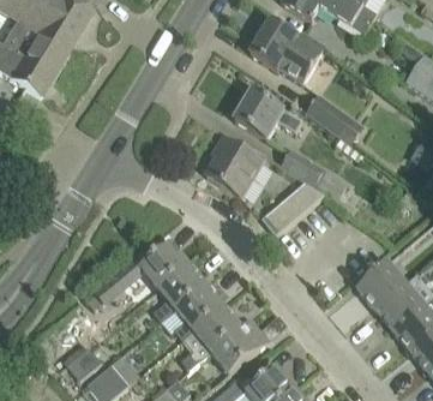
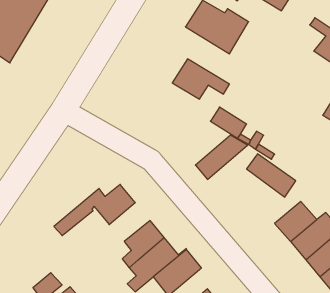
building: [305,94,363,145] -> [247,154,296,197]
building: [206,137,266,196] -> none
building: [152,262,208,322] -> none

